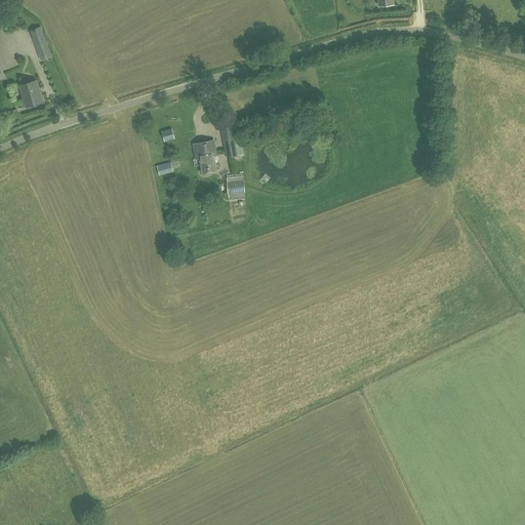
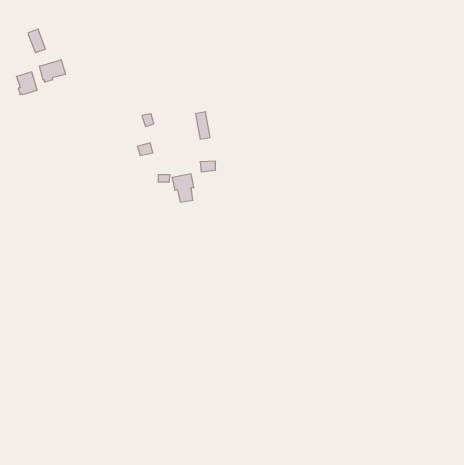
building: none -> [39,60,65,82]
building: [192,140,216,172] -> [172,174,194,202]

